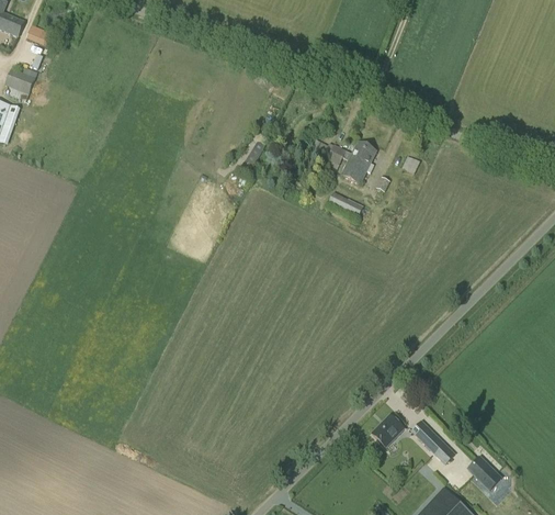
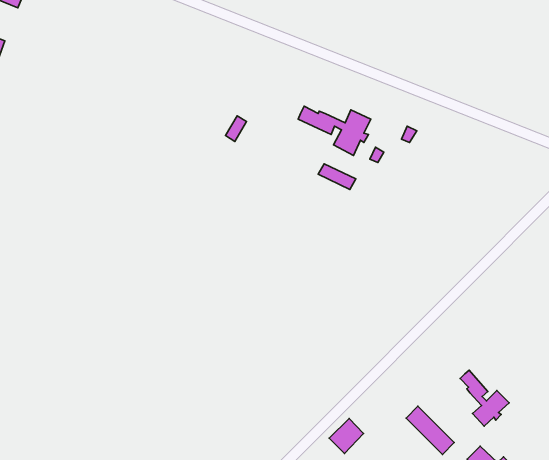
building: none -> [460,370,509,426]
building: [373,414,405,447] -> [329,418,363,454]

